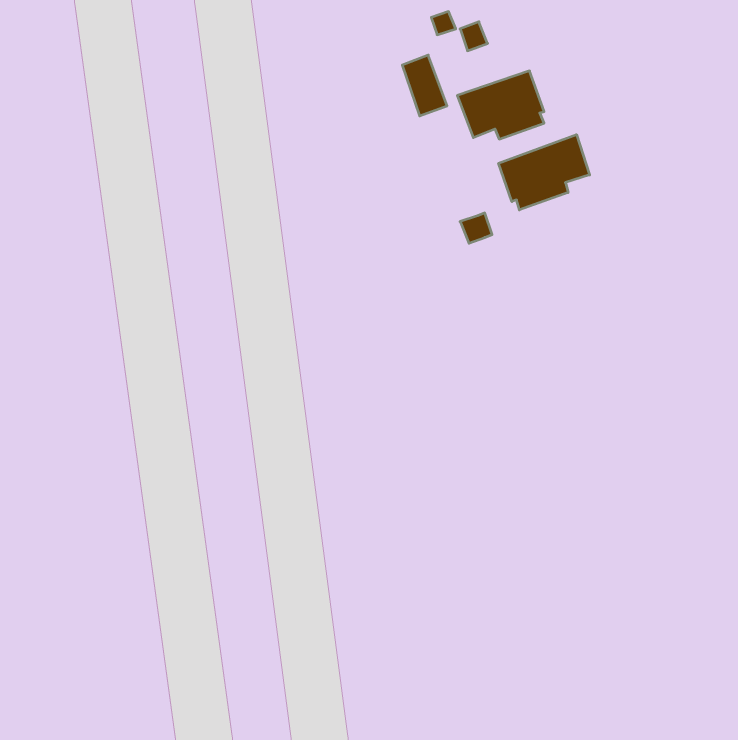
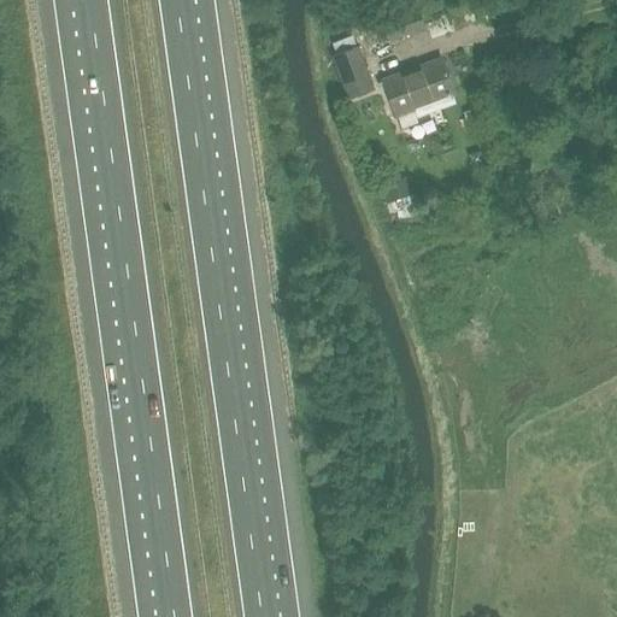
building: [499,135,590,210] -> none

